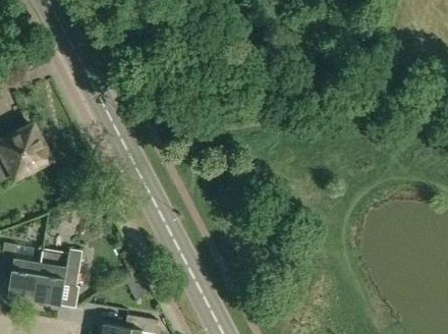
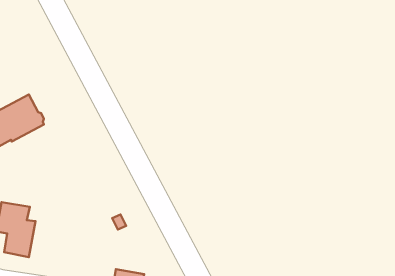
building: [35,247,82,304] -> none

